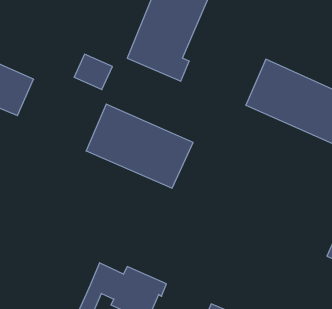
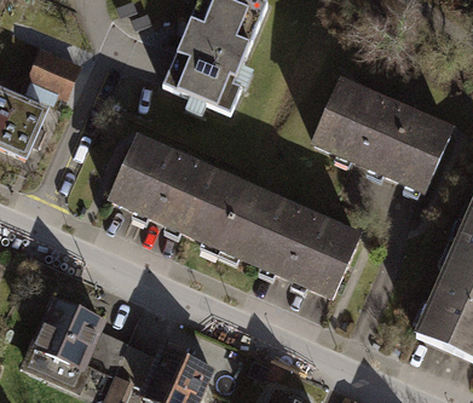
building: [74,54,112,90] -> [30,50,79,94]
building: none -> [221,190,358,297]
building: none -> [30,300,129,384]

